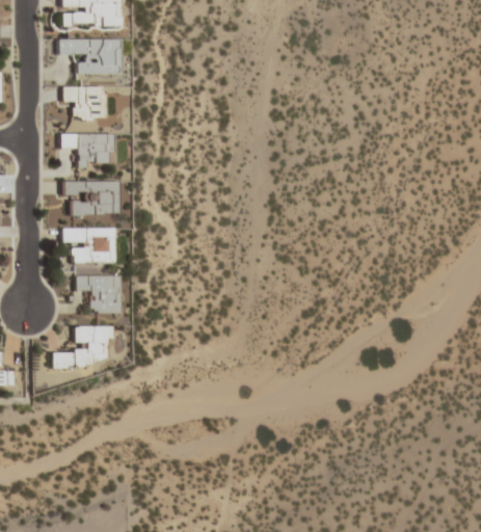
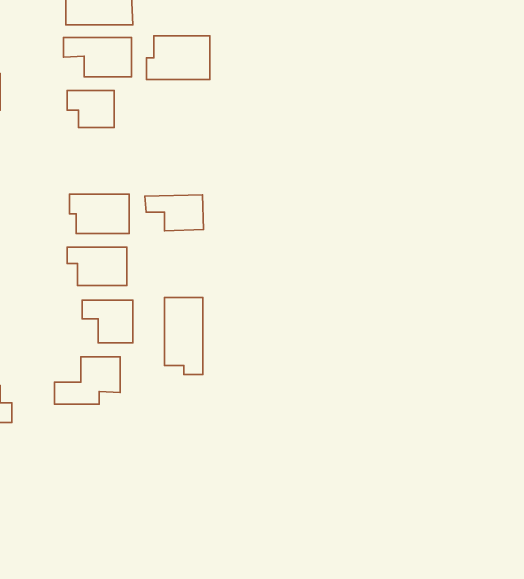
building: none -> [147,36,210,80]
building: [59,132,112,164] -> [145,195,204,231]
building: none -> [164,297,203,374]

